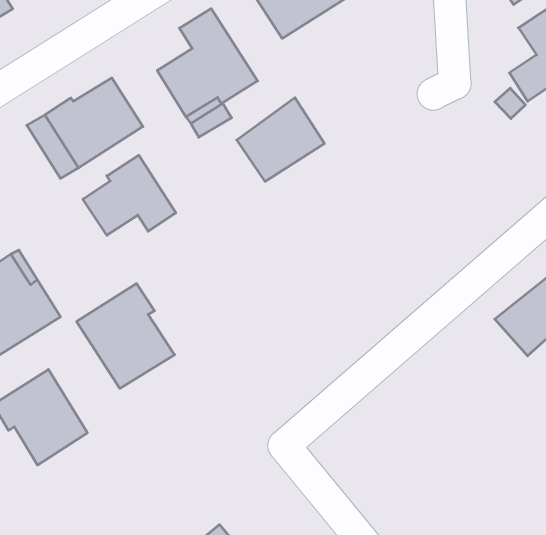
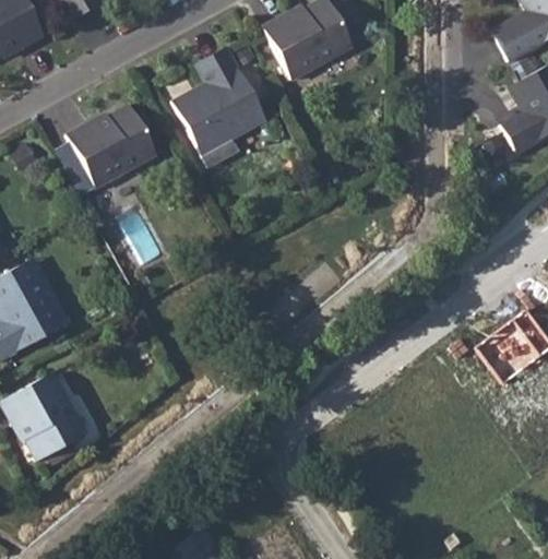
building: [237,98,324,181] -> none
building: [83,155,176,235] -> none
building: [77,284,175,388] -> none

